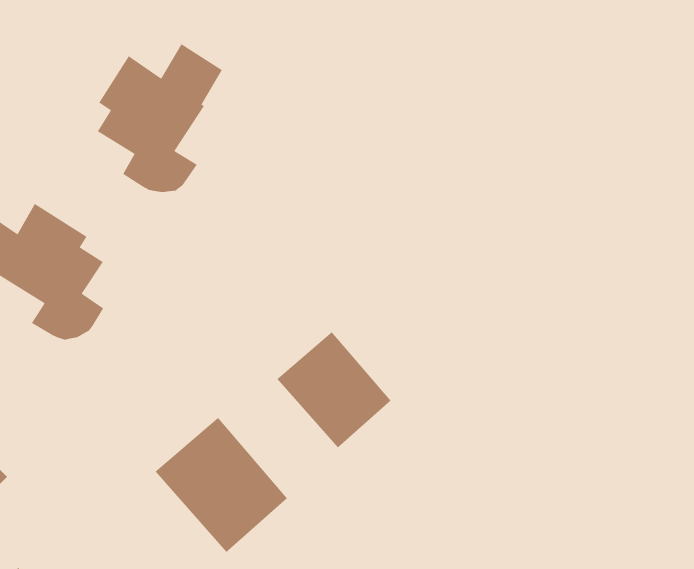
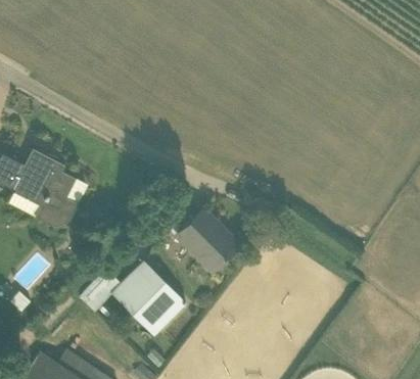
building: [97,43,223,193] -> none

